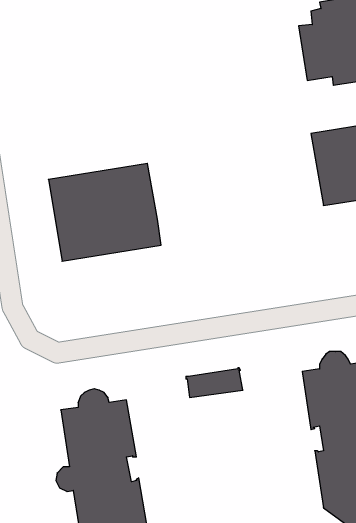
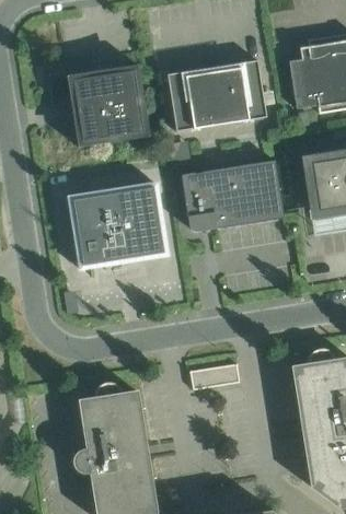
building: none -> [166,60,267,131]
building: none -> [67,63,149,148]
building: none -> [182,160,284,232]

